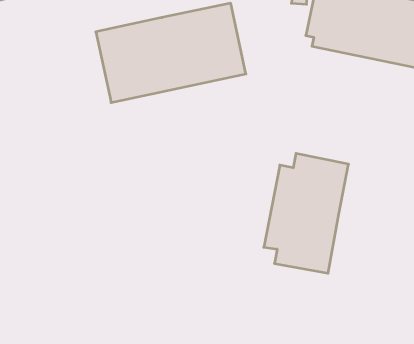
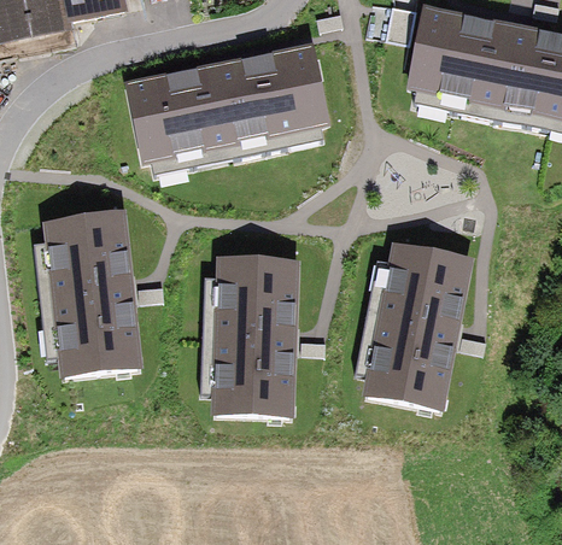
building: none -> [40,216,141,368]
building: none -> [204,262,299,412]

